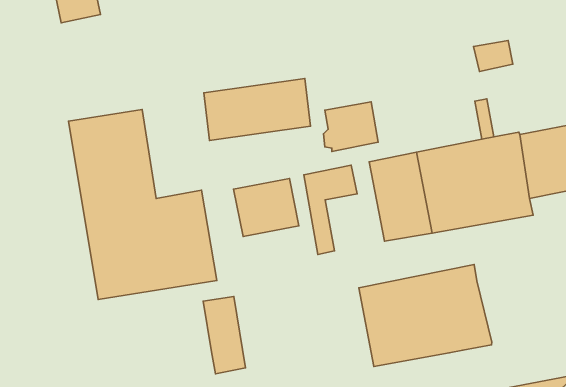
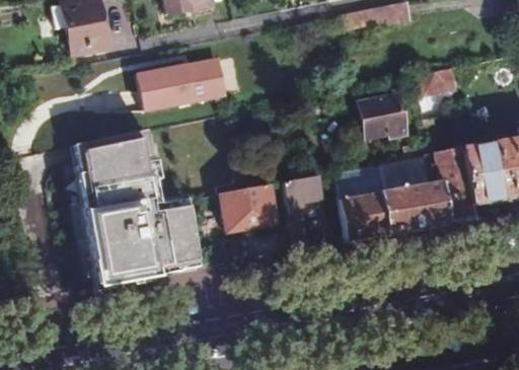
building: [204,79,311,140] -> [137,60,228,113]
building: [324,102,378,152] -> [359,95,405,138]
building: [359,265,492,367] -> none
building: [203,296,246,374] -> none

